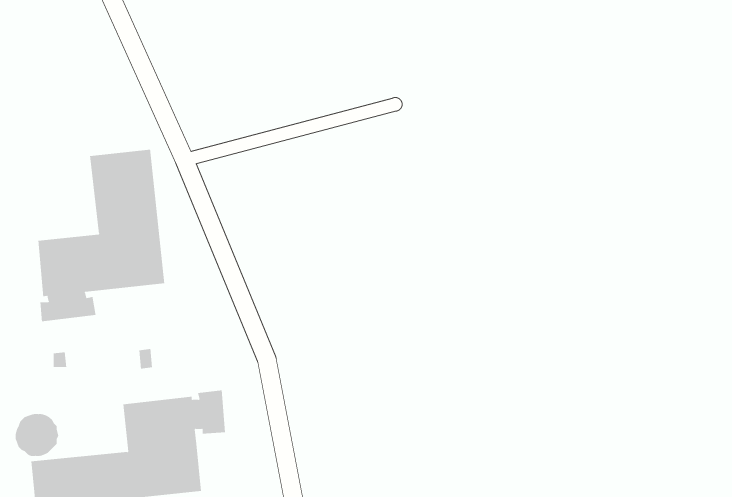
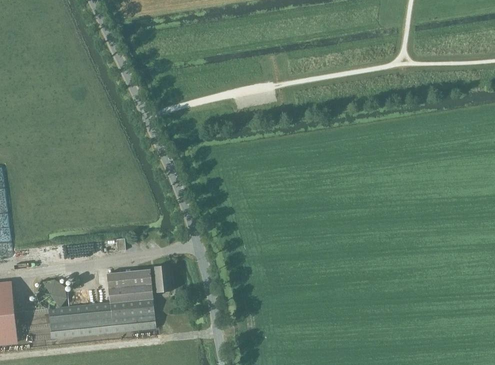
building: [38,149,165,322] -> none

